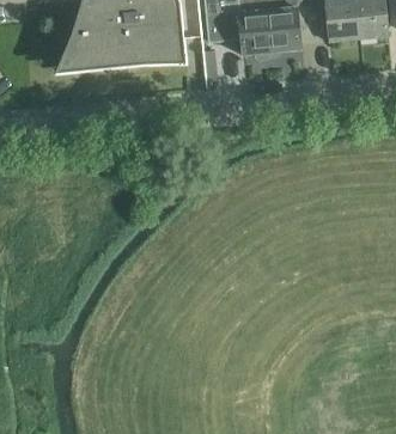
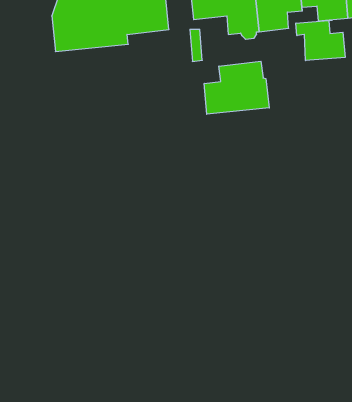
building: none -> [296,20,345,61]
building: none -> [204,61,269,114]

